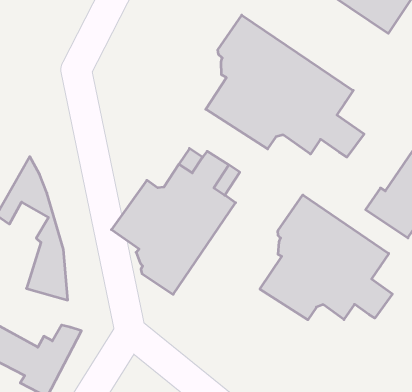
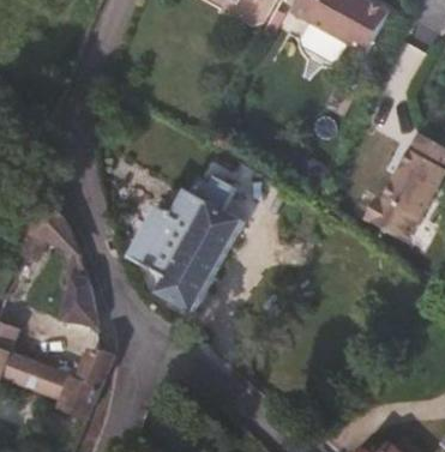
building: [206,15,364,157] -> none
building: [260,195,392,320] -> none

